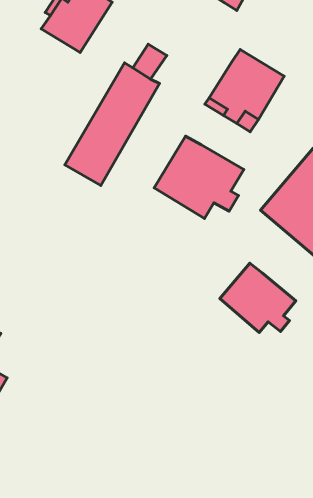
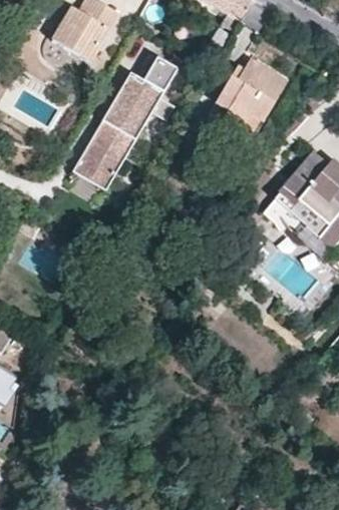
building: [154,136,244,219] -> none
building: [220,263,296,333] -> none

